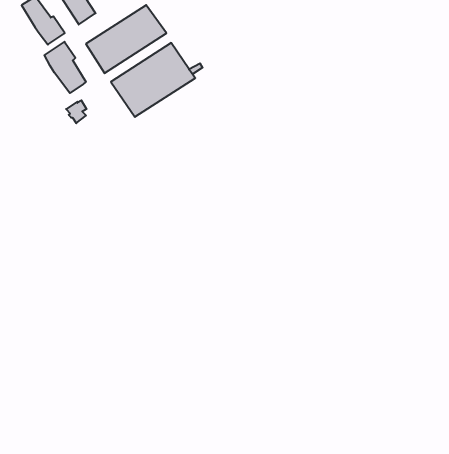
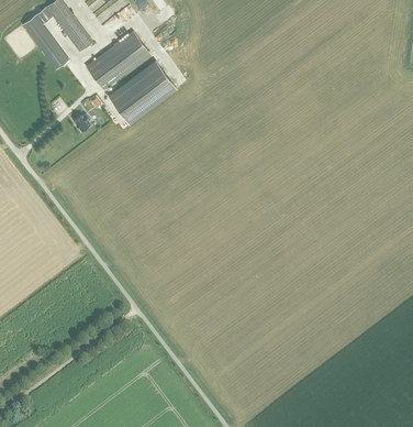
building: [44,42,86,93] -> none

